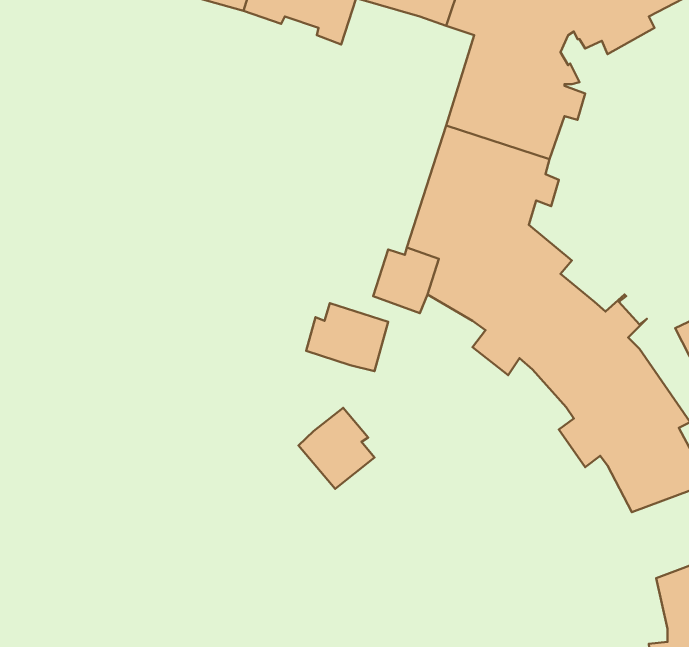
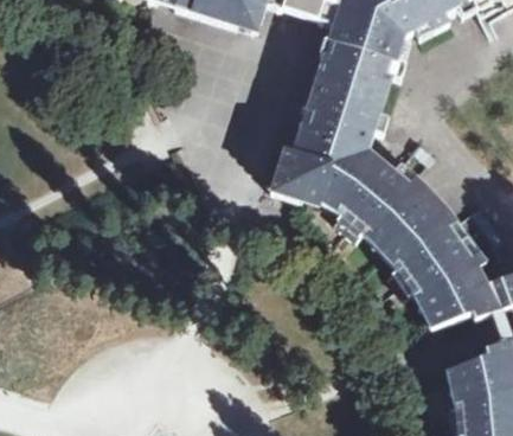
building: [306,303,388,371] -> none
building: [298,408,374,489] -> none

